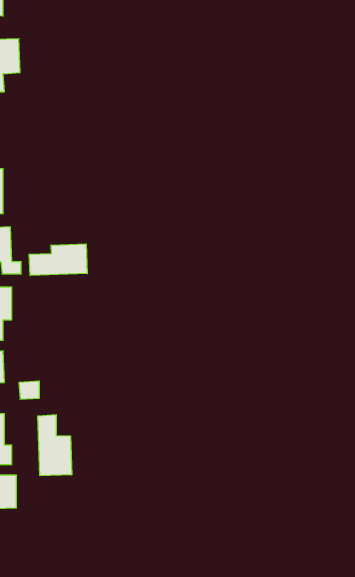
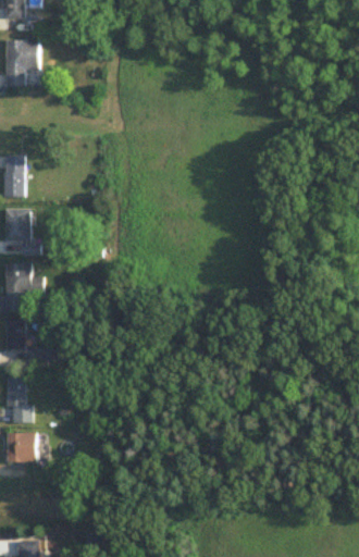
building: [29,244,87,276] -> none
building: [38,415,72,476] -> none

